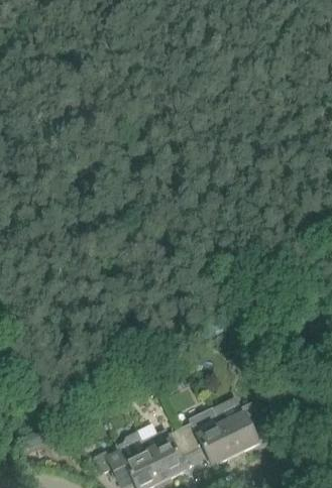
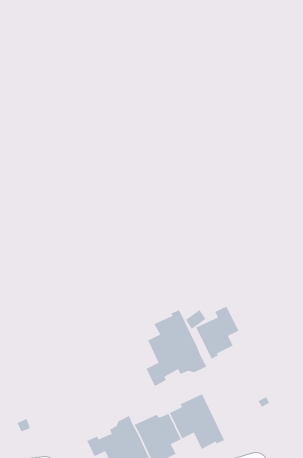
building: none -> [145,309,208,387]
building: [220,401,265,457] -> [195,305,240,360]

